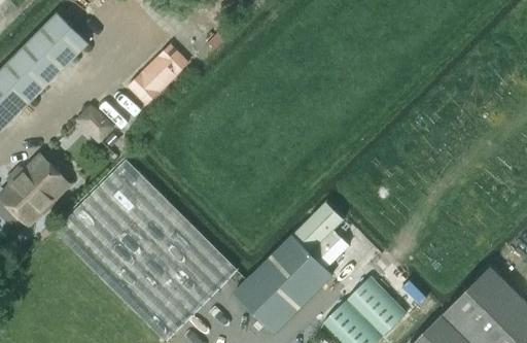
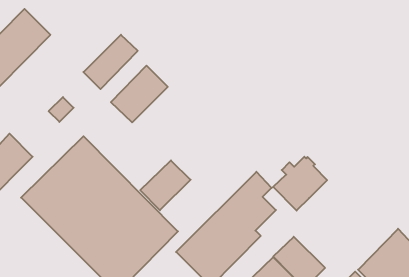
building: none -> [111,66,168,122]
building: none -> [273,157,327,211]
building: none -> [140,160,191,210]

